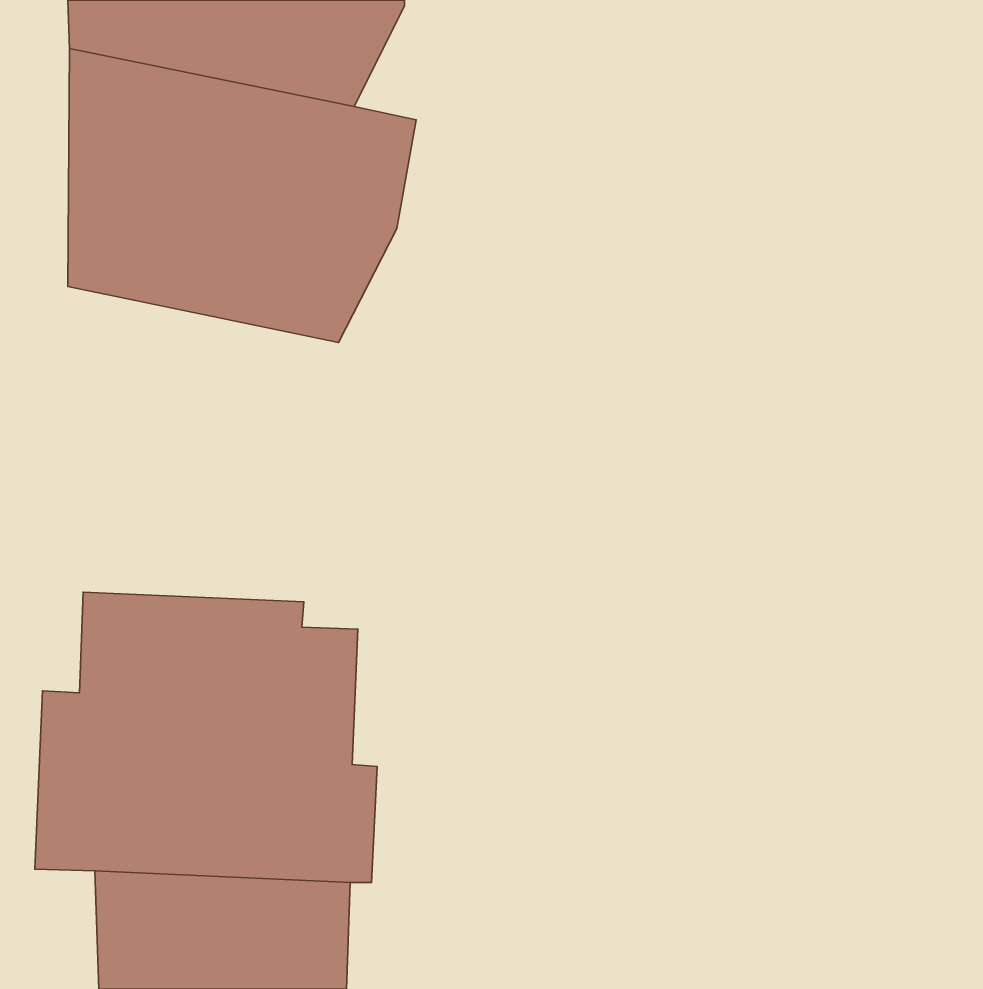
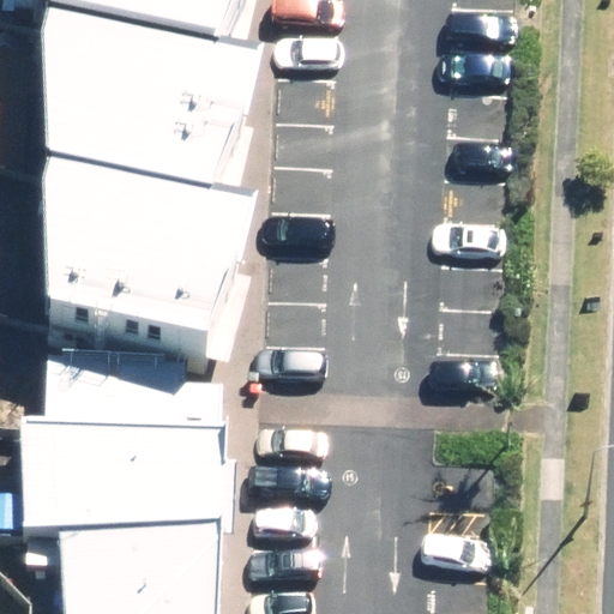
building: none -> [42,177,251,366]

